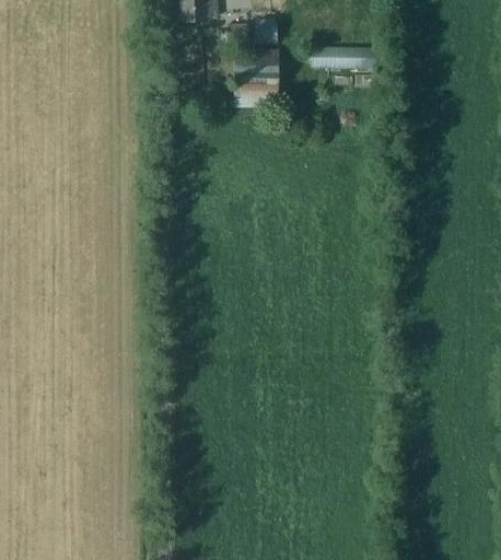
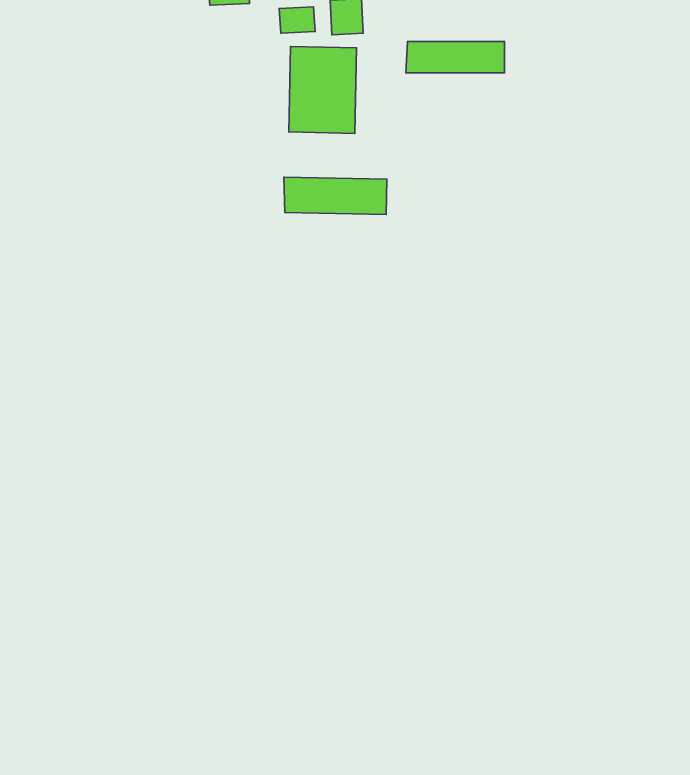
building: none -> [284,177,387,215]

